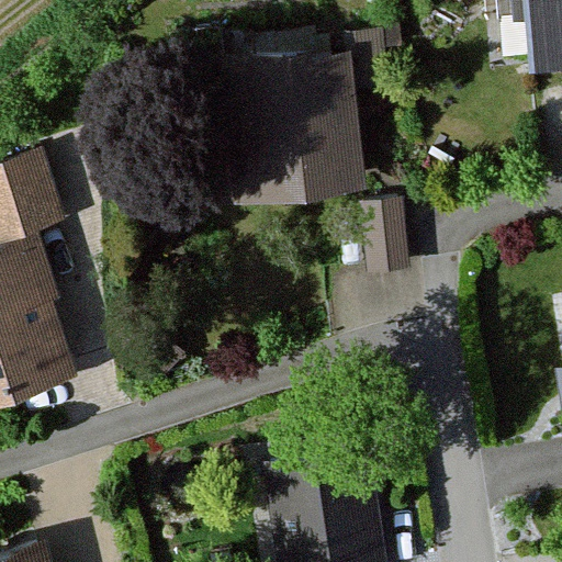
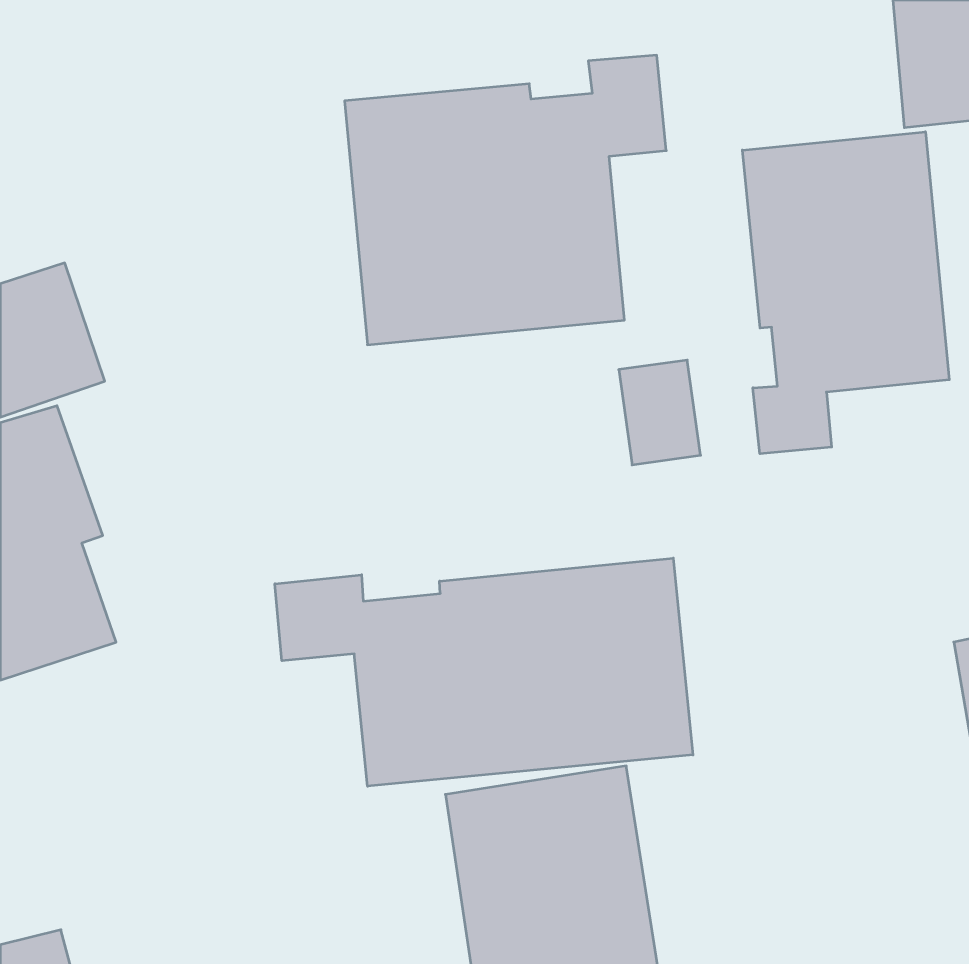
building: none -> [742,132,949,454]
building: none -> [275,558,693,786]

